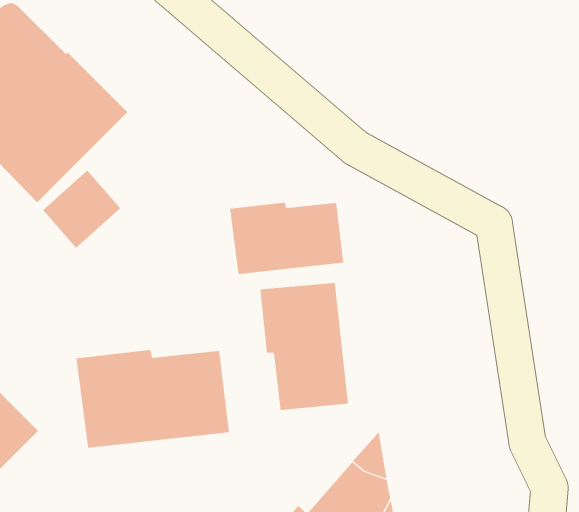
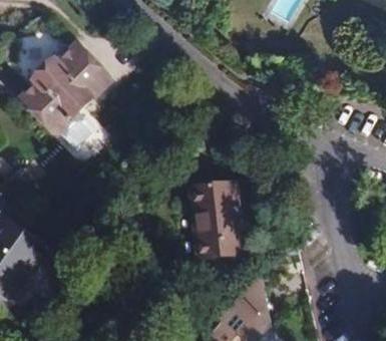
building: [229,202,344,275] -> none
building: [76,349,230,448] -> none

